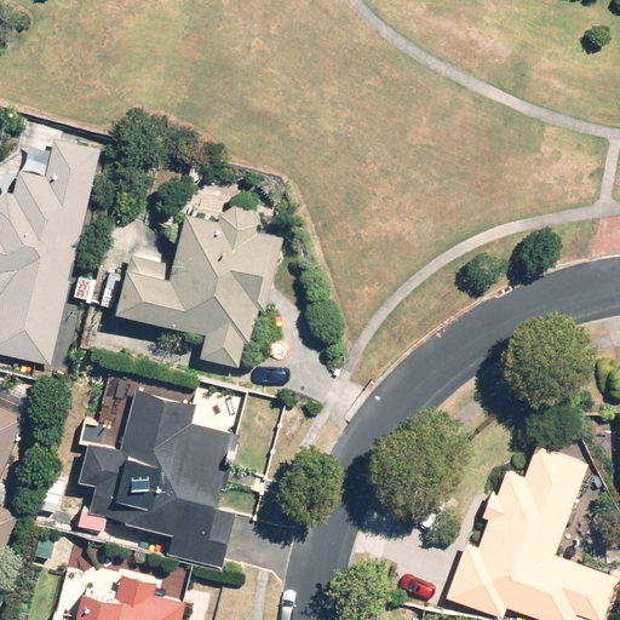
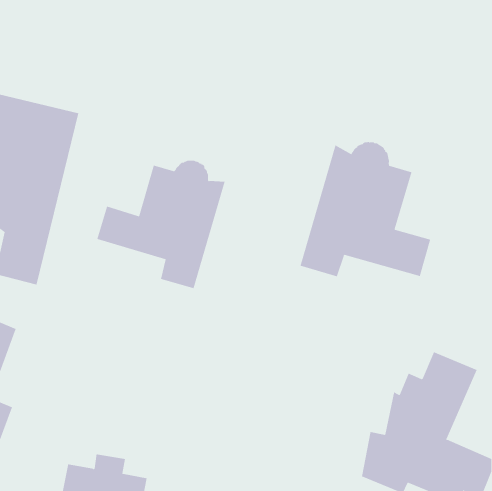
building: none -> [300,141,431,277]
building: [78,386,234,573] -> none

